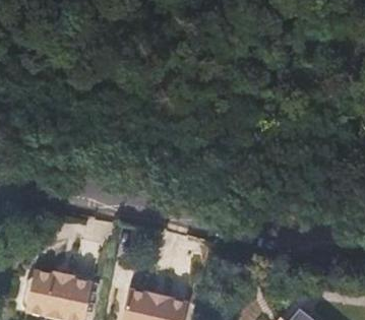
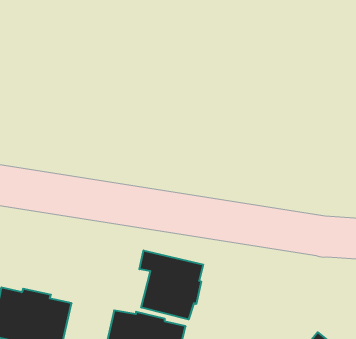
building: none -> [139,250,203,319]

